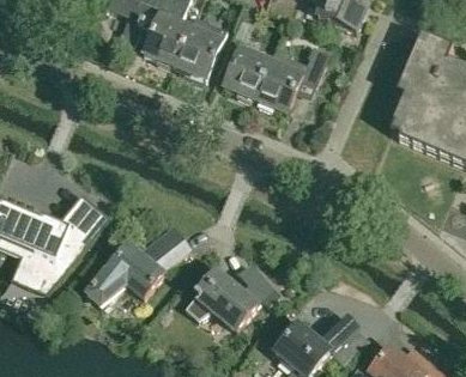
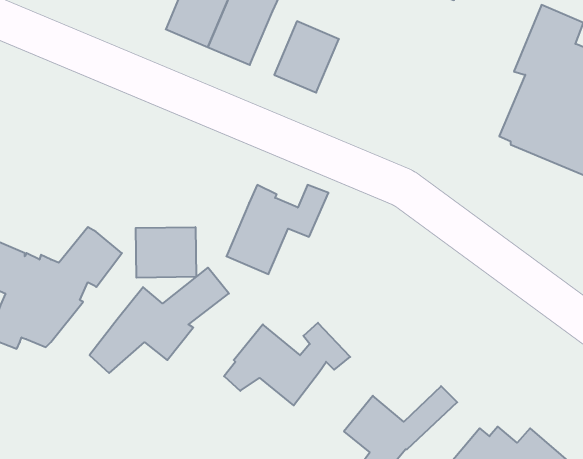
building: [254,44,329,110] -> [226,185,329,274]
building: none -> [136,227,196,278]

